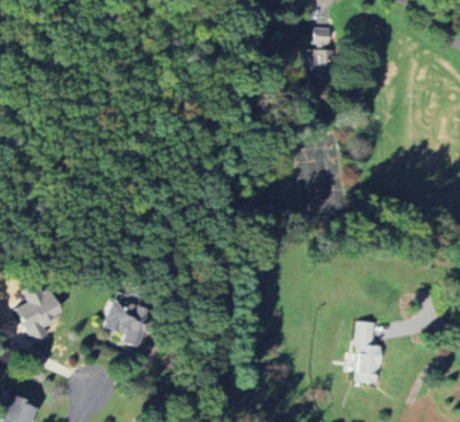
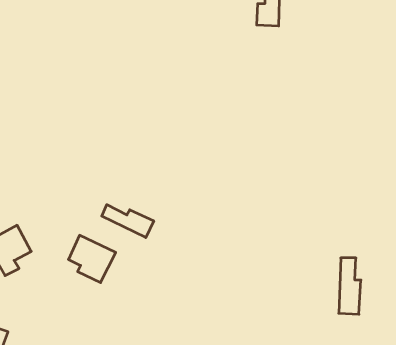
building: none -> [102,205,154,238]
building: [356,320,380,382] -> [339,258,361,314]

